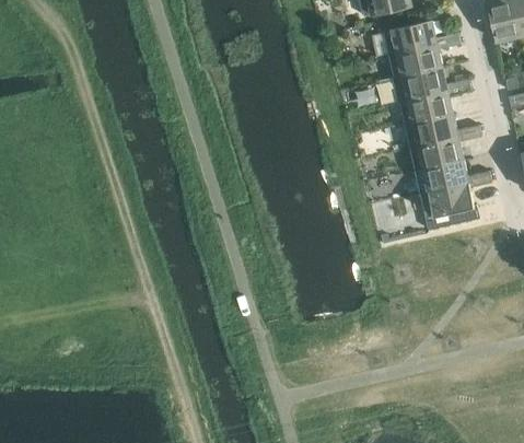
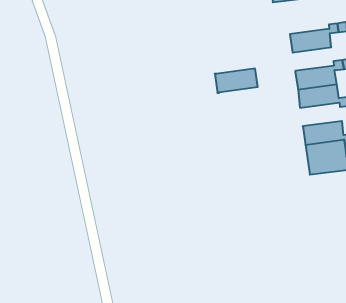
building: [384,20,439,55] -> none
building: [393,67,449,102] -> [215,69,258,93]
building: [410,136,465,170] -> none

